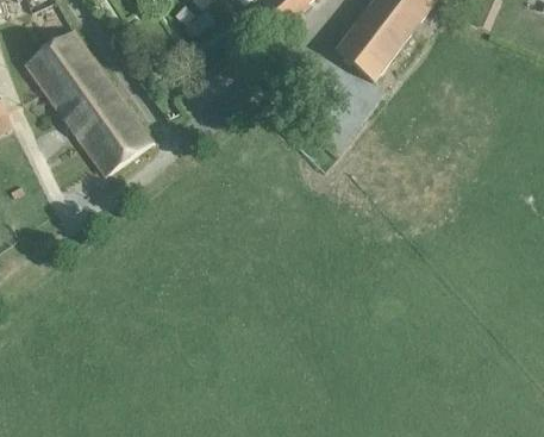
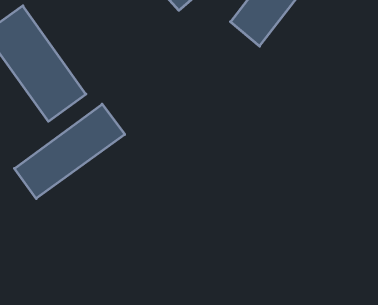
building: none -> [14,104,125,199]

